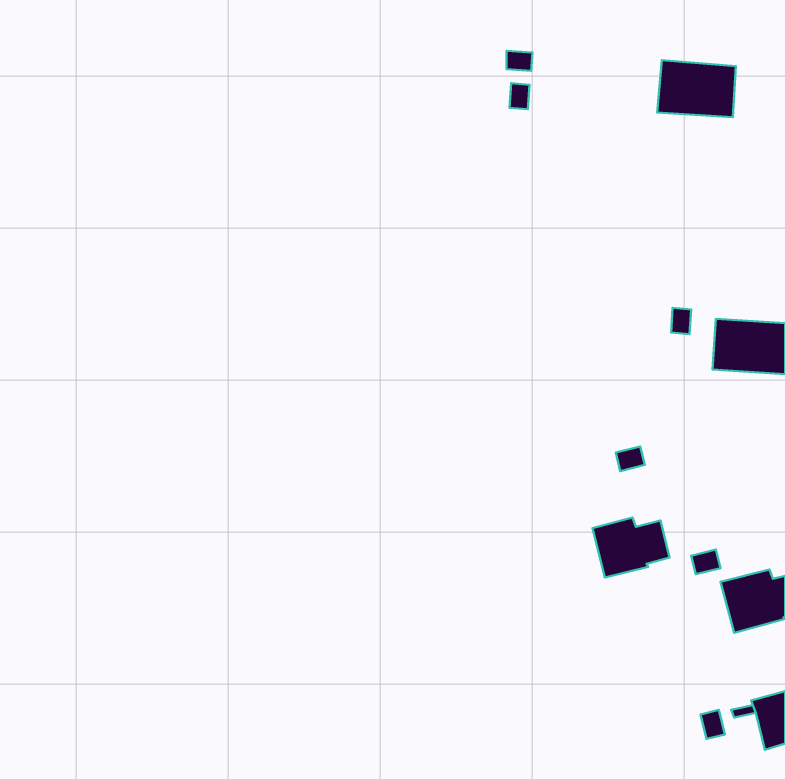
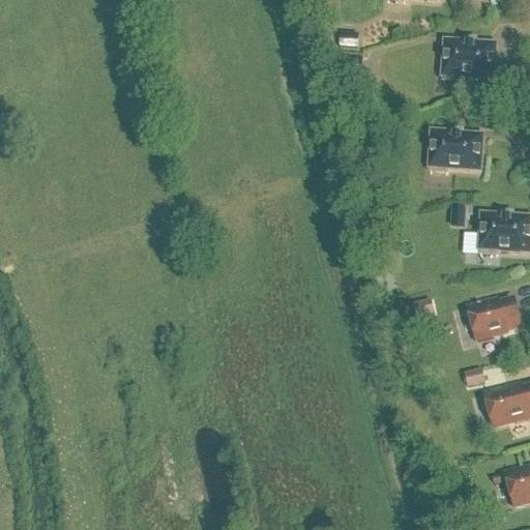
building: none -> [430,132,481,170]
building: [593,518,670,578] -> [468,298,520,338]

